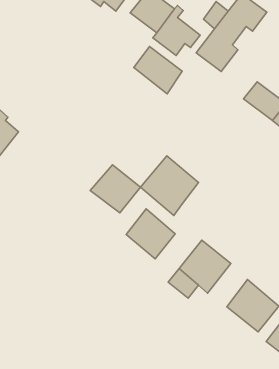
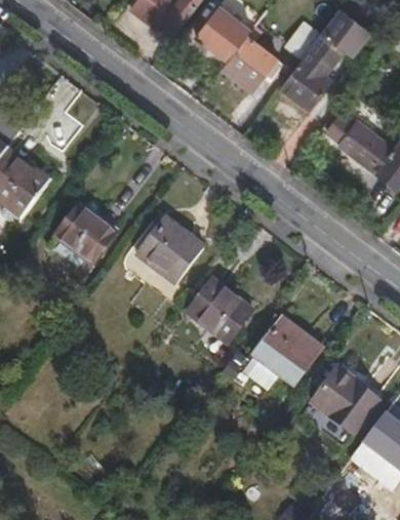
building: [134,46,182,94] -> none
building: none -> [52,199,113,258]
building: [141,156,199,215] -> none

